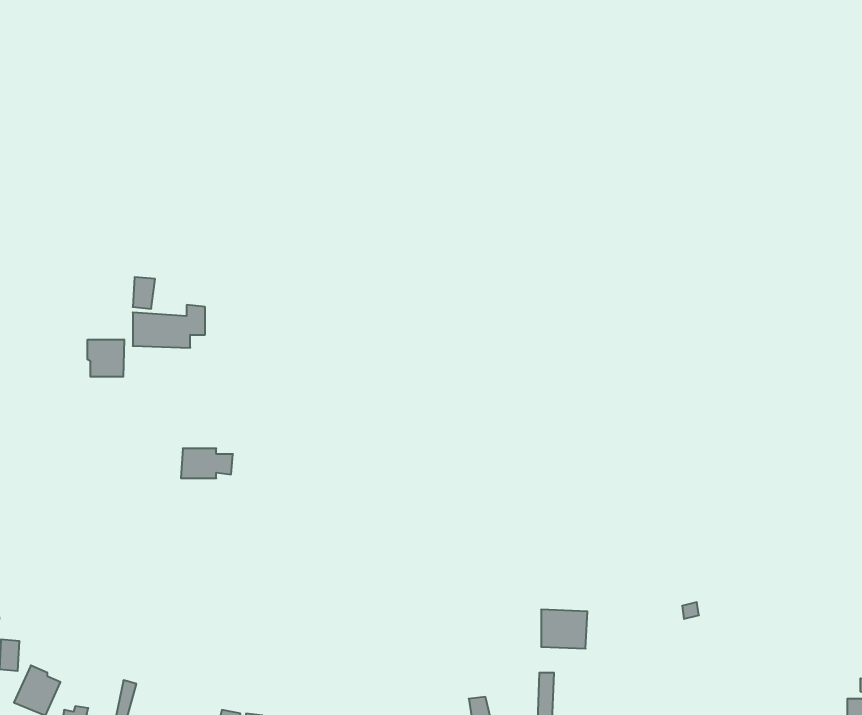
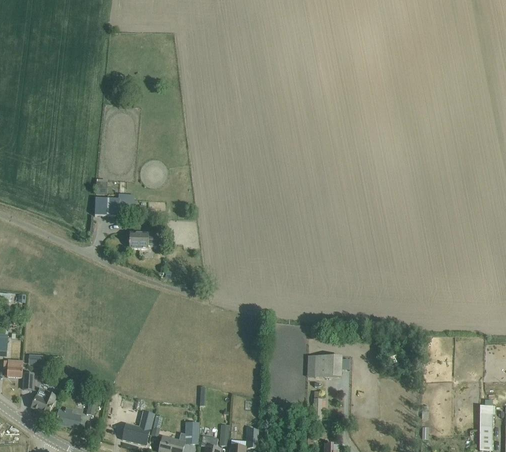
building: [88,339,124,377] -> none
building: [181,448,233,478] -> [129,231,157,247]

